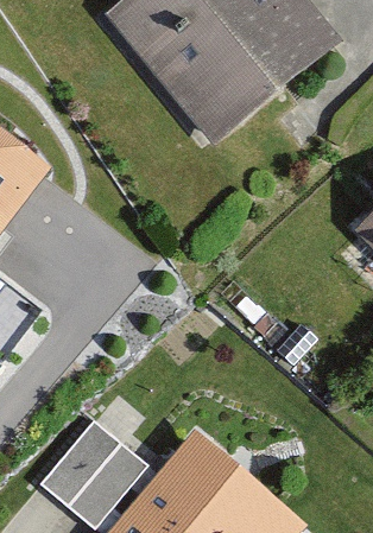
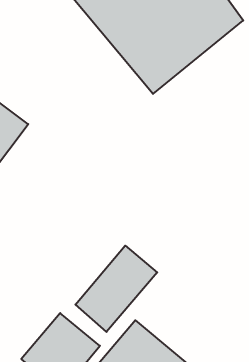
building: none -> [75,246,157,332]

